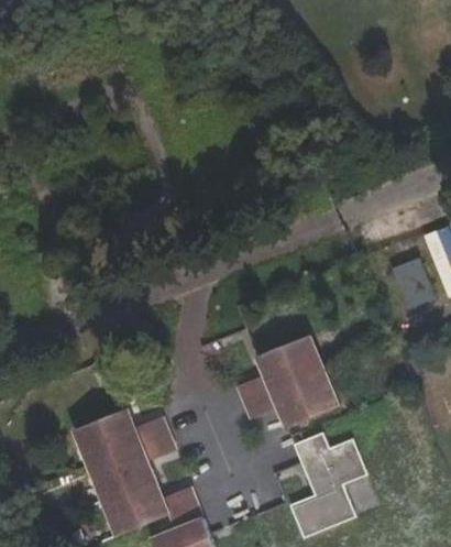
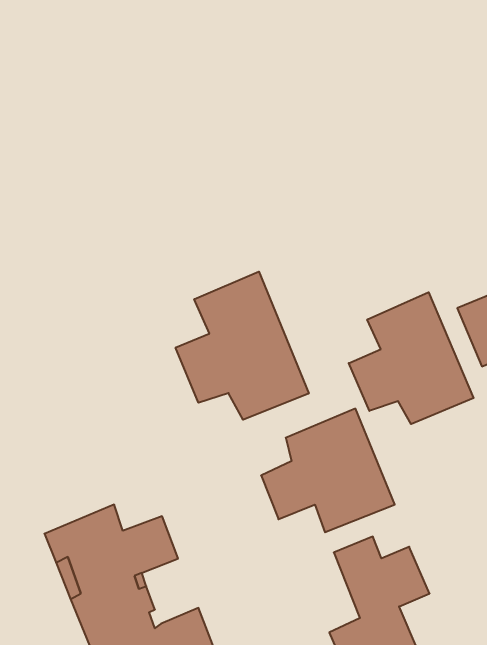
building: none -> [176,272,309,420]
building: none -> [349,292,474,424]

